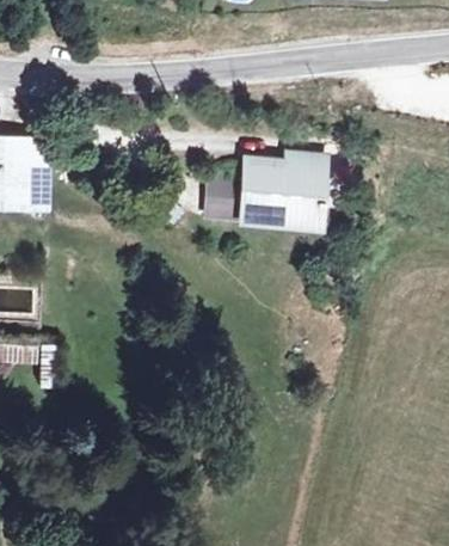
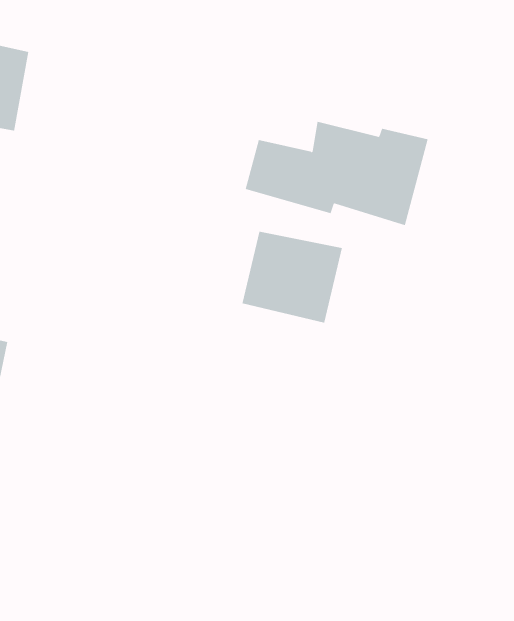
building: none -> [242,231,343,324]

